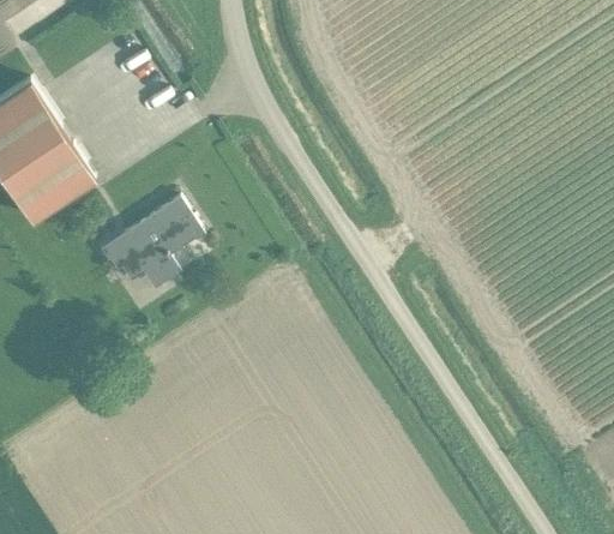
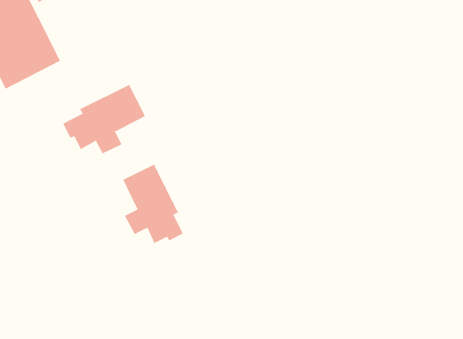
building: none -> [122,164,184,244]

